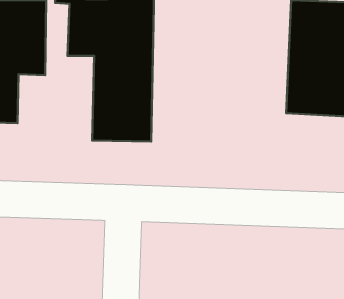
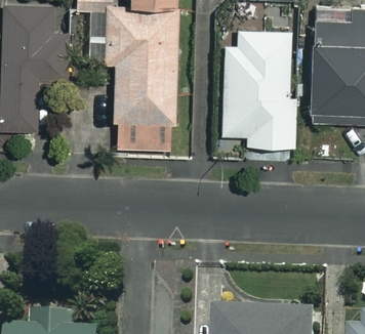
building: none -> [220,28,291,142]

